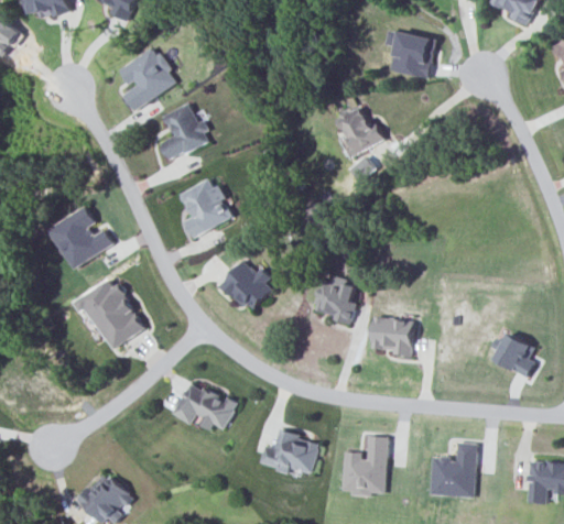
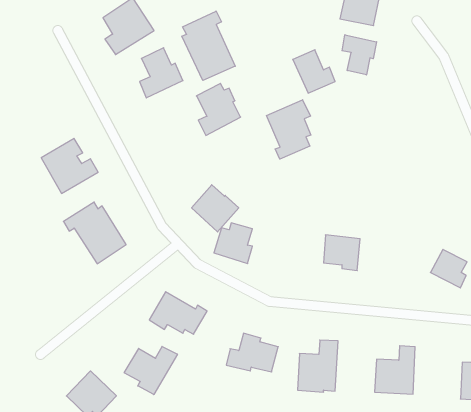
building: none -> [182,11,235,80]
building: none -> [342,35,377,75]
building: none -> [266,100,311,159]
building: [182,179,232,239] -> [196,83,241,135]
building: [312,277,356,324] -> [214,223,252,264]
building: none -> [124,346,177,395]

